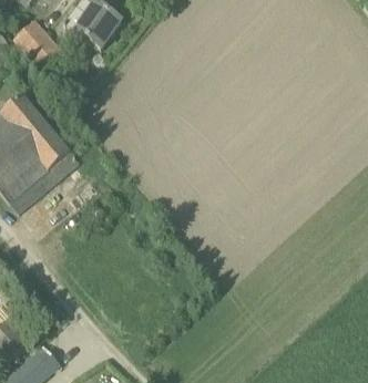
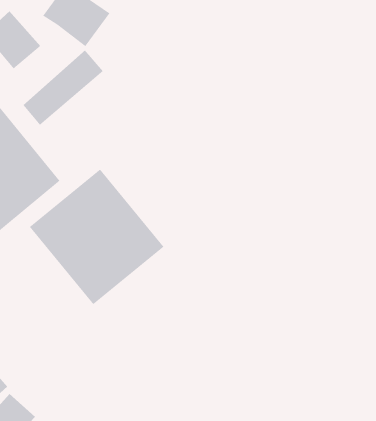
building: none -> [22,49,104,126]
building: none -> [29,168,164,305]

